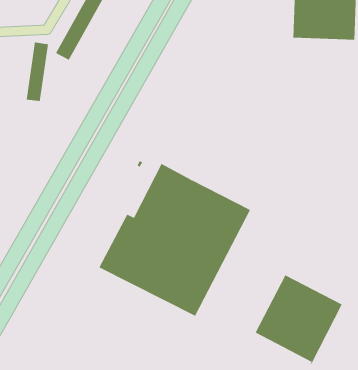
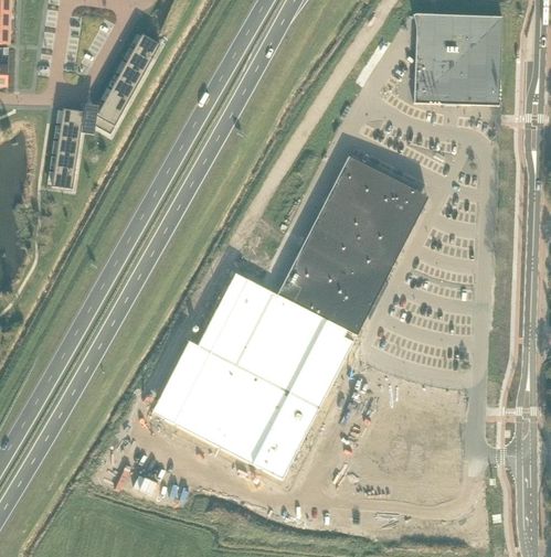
building: none -> [276,156,427,334]
building: [255,274,343,365] -> none

